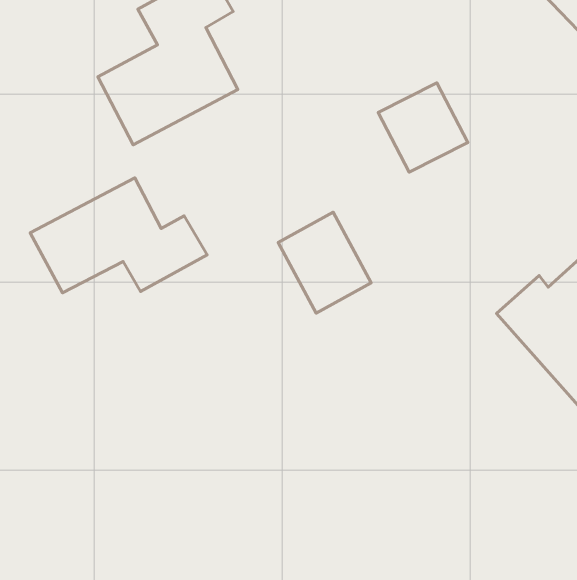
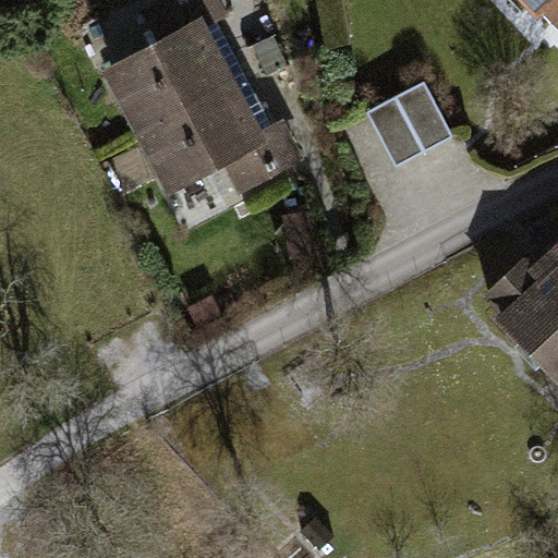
building: [30,178,207,293] -> [136,85,304,194]
building: [278,212,371,313] -> none

